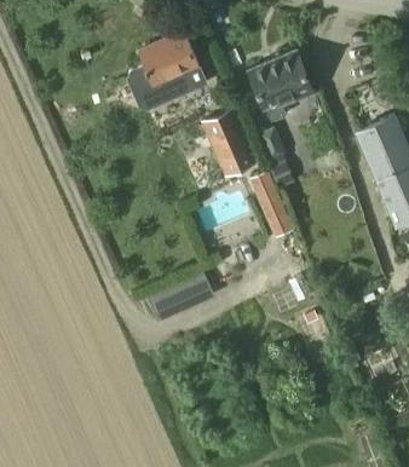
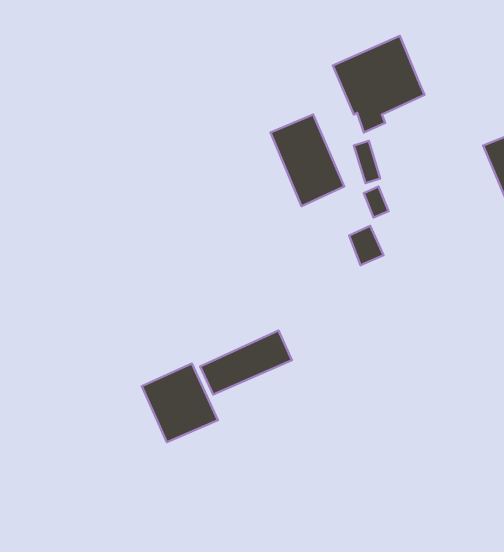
building: [127,33,207,111] -> none
building: none -> [142,363,218,442]

